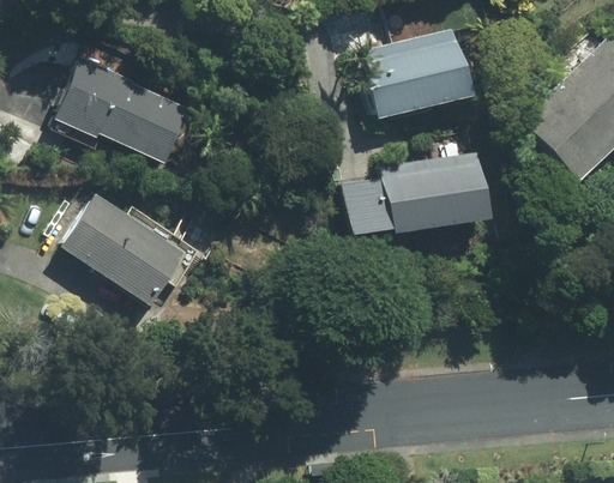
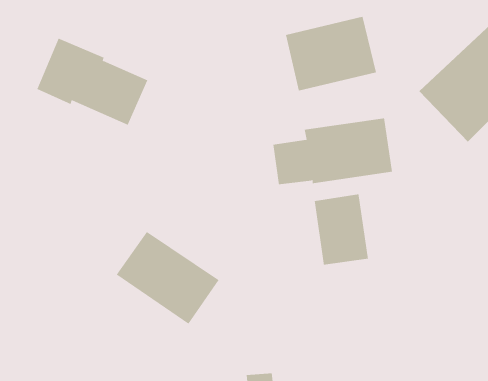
building: [61,193,187,307] -> [116,231,219,325]
building: none -> [314,194,368,266]

